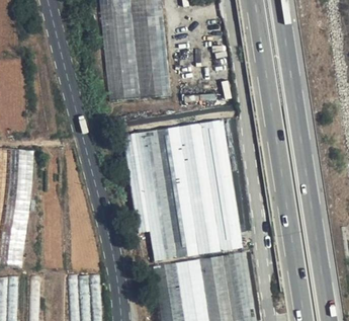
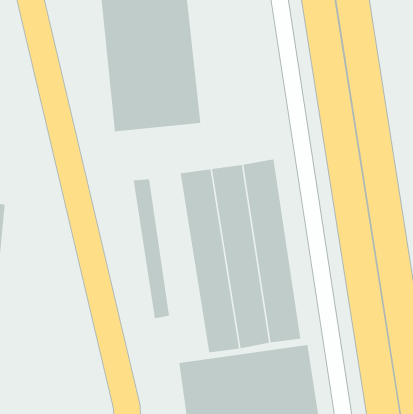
building: [135,130,176,261] -> none

